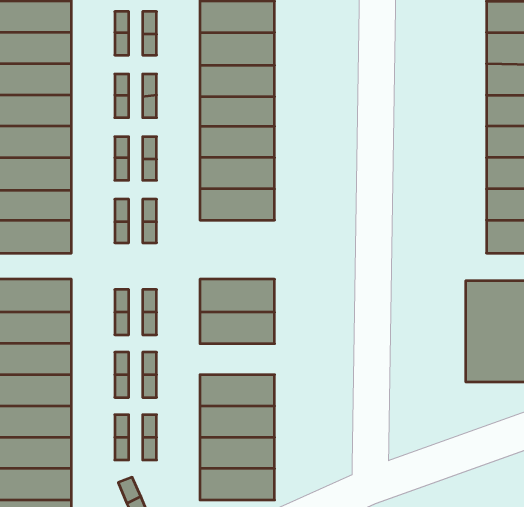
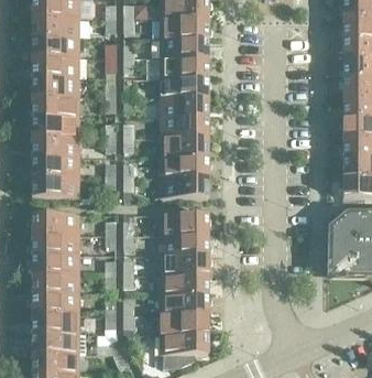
building: none -> [161,175,208,196]
building: none -> [161,253,208,273]

